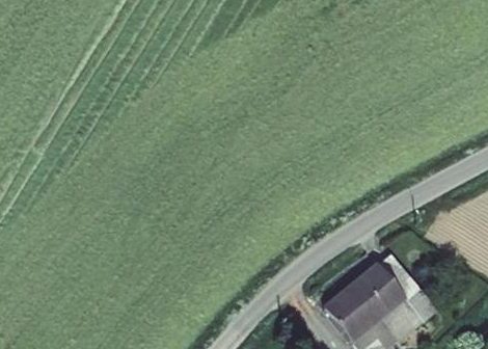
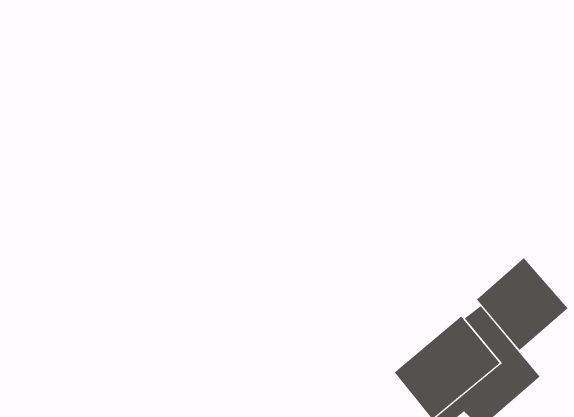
building: none -> [476,257,569,351]

